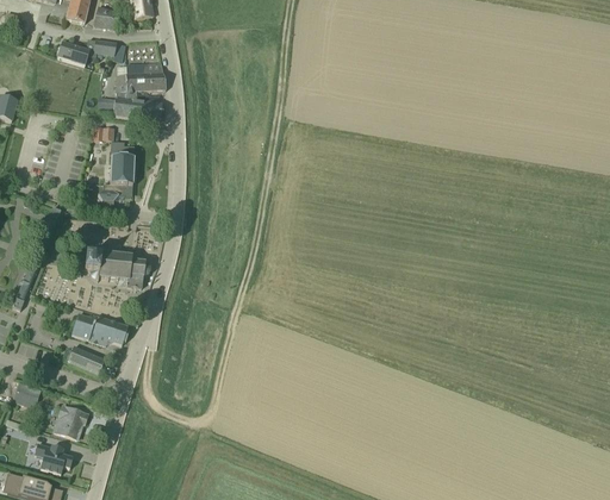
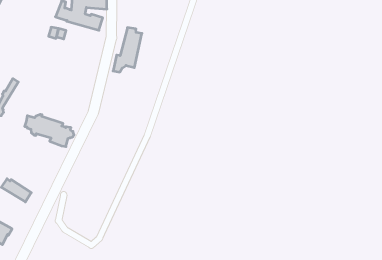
building: [102,143,133,206] -> [113,28,142,72]
building: [71,314,129,344] -> none

